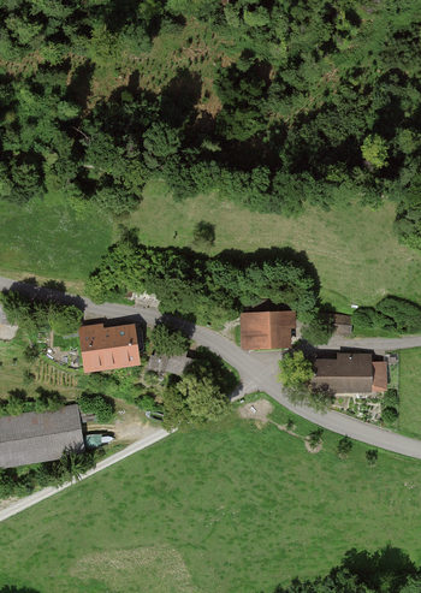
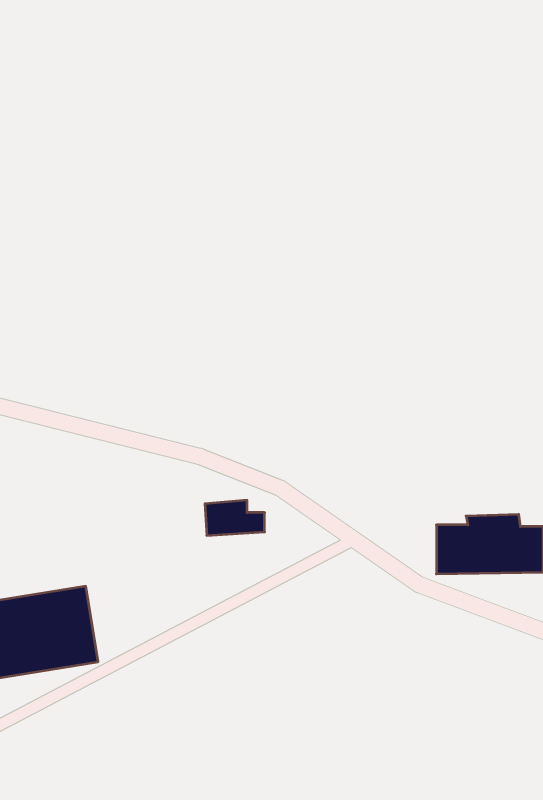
building: [238,309,292,349] -> none
building: [81,324,140,375] -> none

